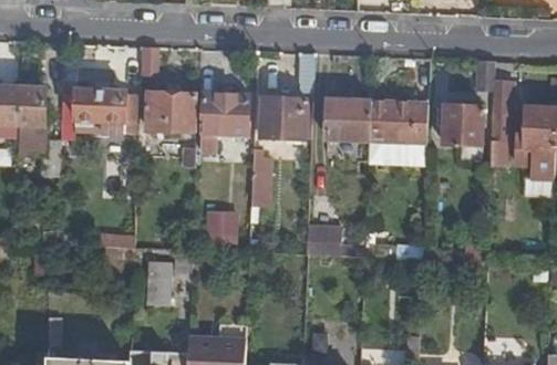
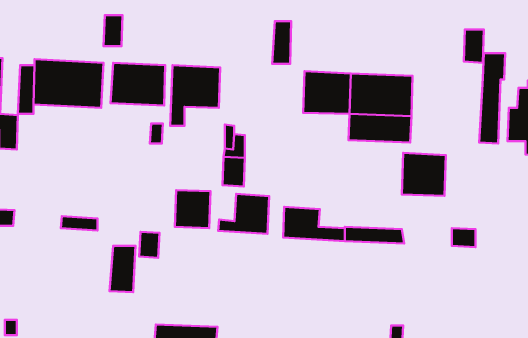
building: [260,96,306,139] -> none
building: [443,104,484,144] -> [402,153,446,196]
building: none -> [218,194,269,234]

